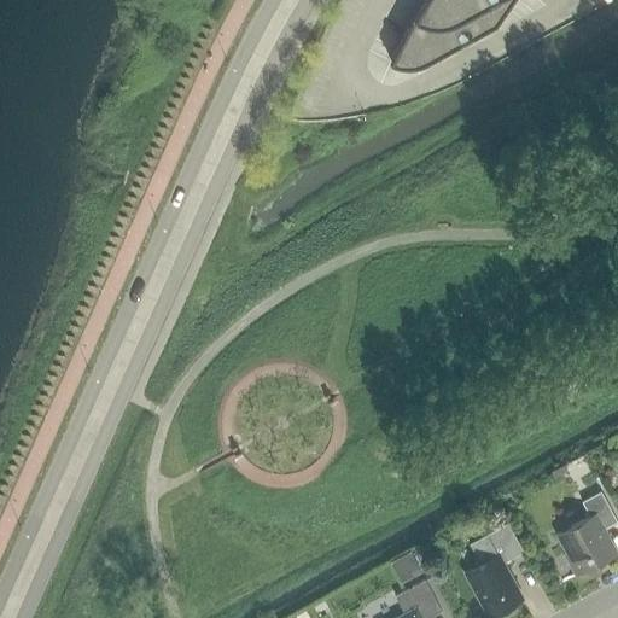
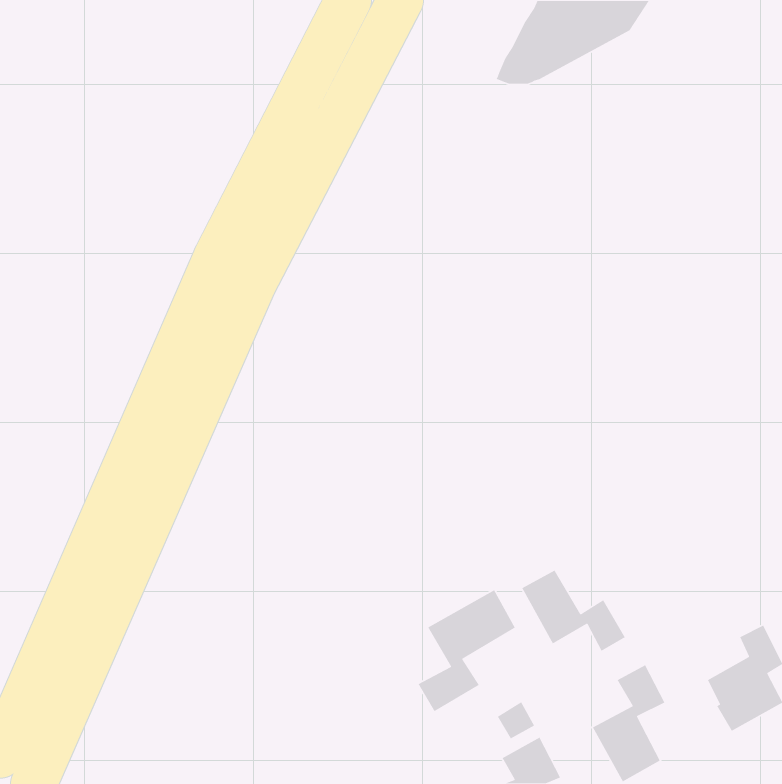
building: none -> [521,569,626,652]
building: none -> [417,589,516,712]

